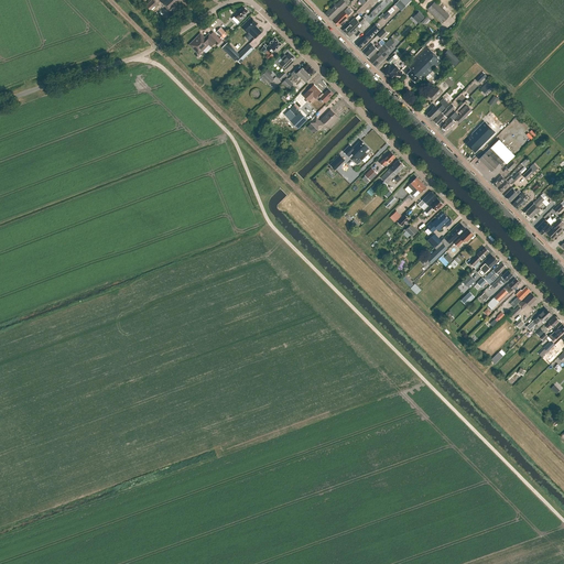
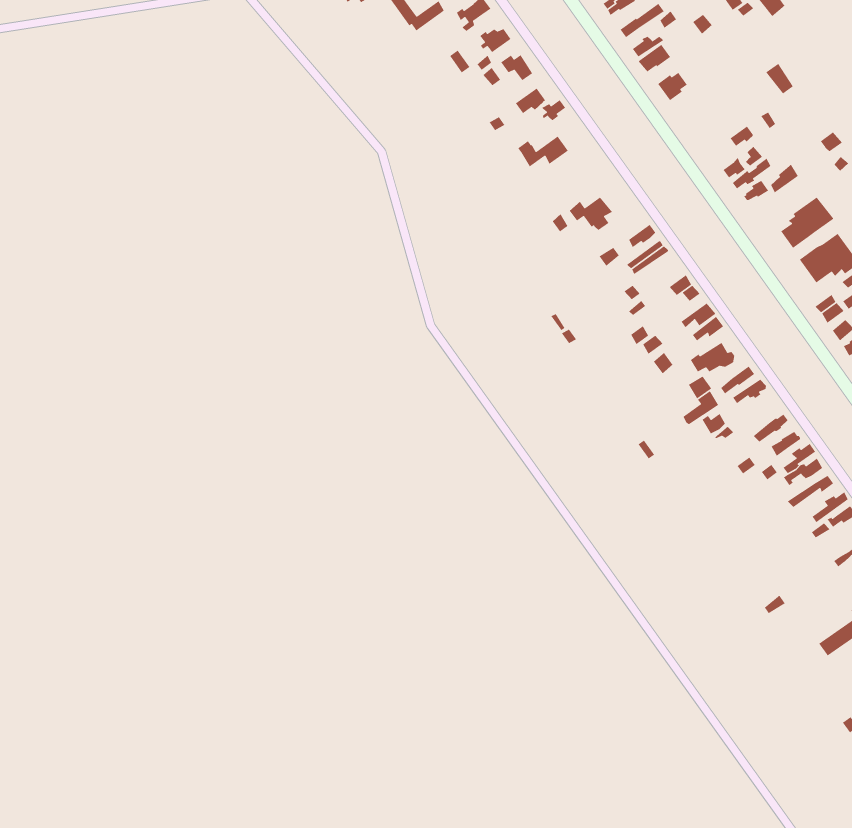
building: [408,46,443,82] -> none

